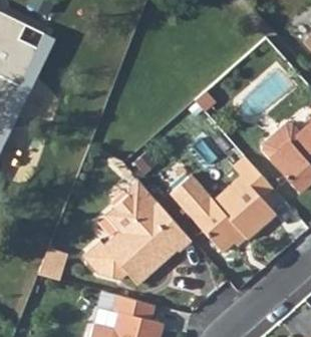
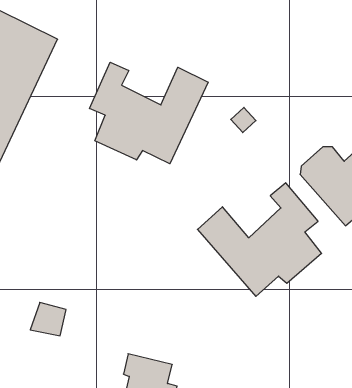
building: none -> [90,62,208,164]
building: [87,187,198,292] -> none

